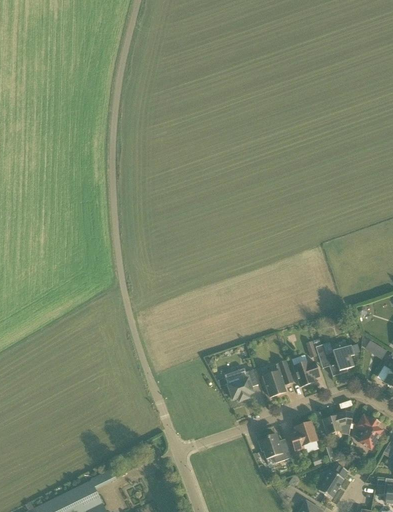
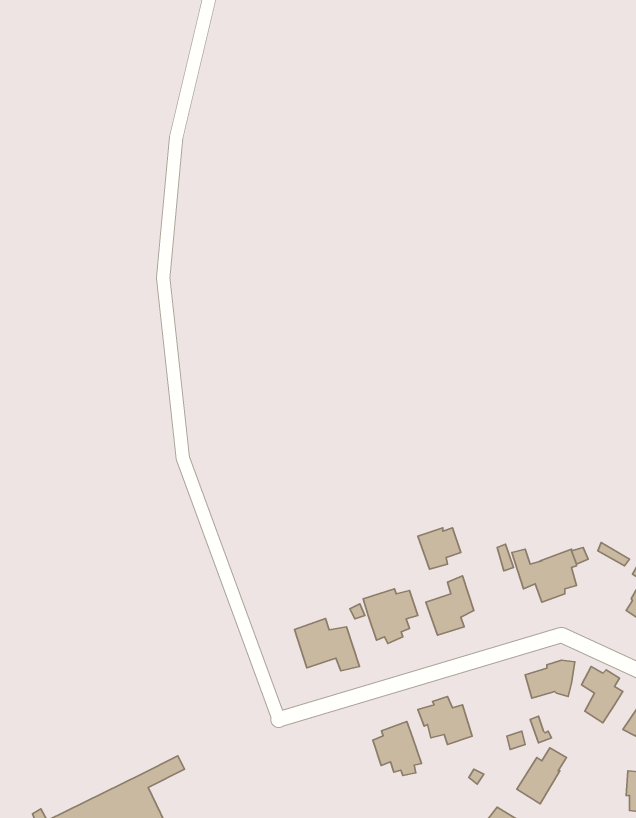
building: [293,361,319,386] -> [418,528,461,569]
building: none -> [295,619,360,671]
building: [289,421,317,450] -> none
building: none -> [373,722,421,775]

